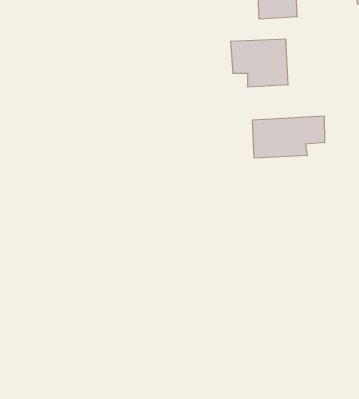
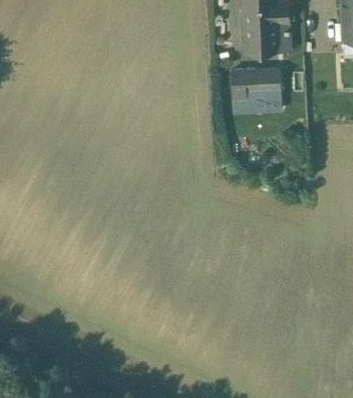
building: [252,116,325,158] -> none

